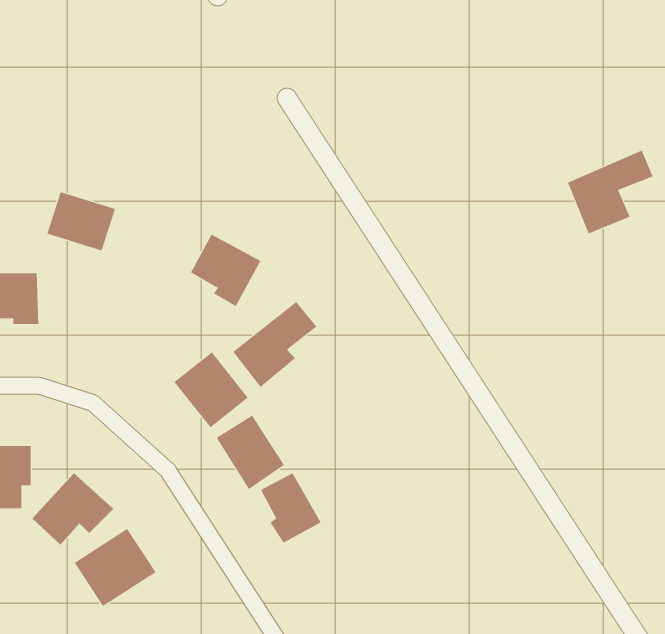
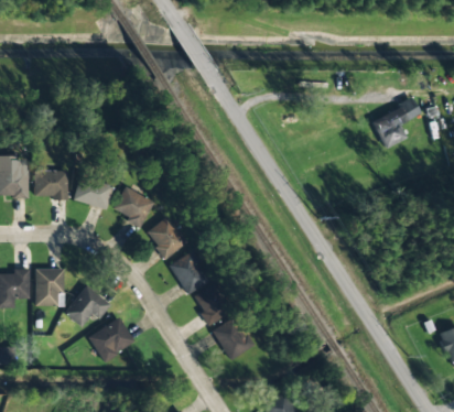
building: [47,192,116,251] -> [74,175,114,209]
building: [190,234,261,307] -> [114,186,154,228]
building: [232,301,317,388] -> none
building: none -> [214,317,251,359]

